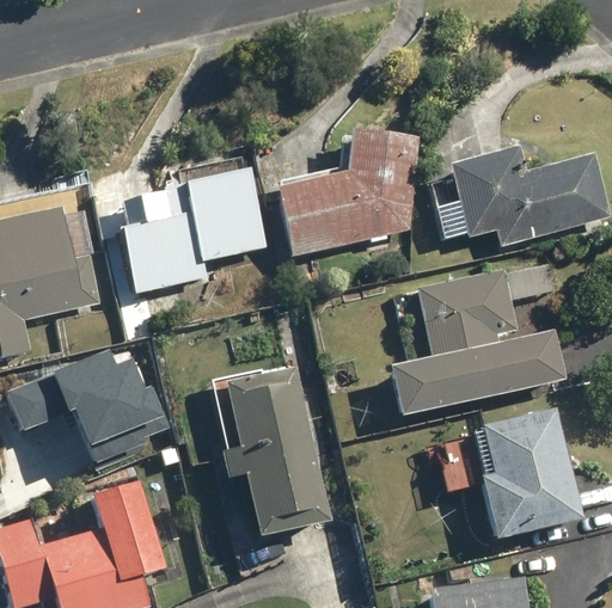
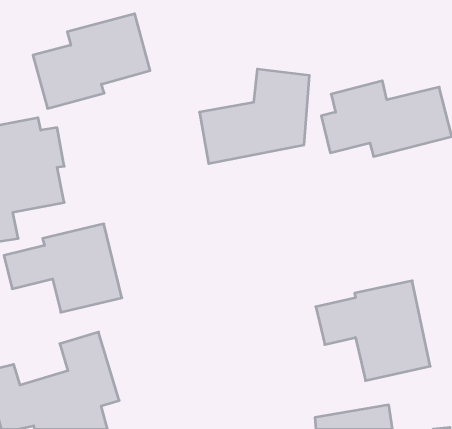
building: [115,170,270,295] -> [33,14,150,108]
building: [385,270,563,420] -> none
building: [220,364,329,538] -> none

